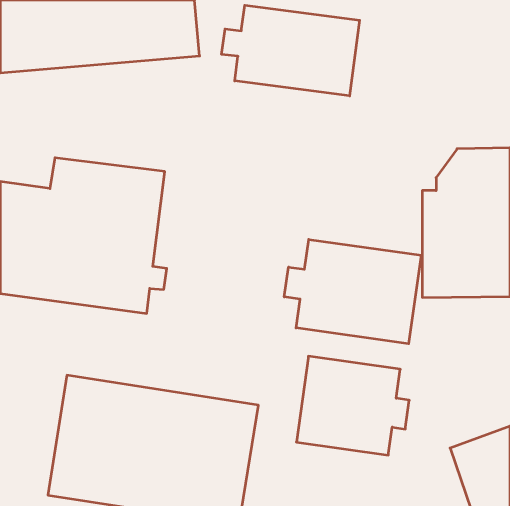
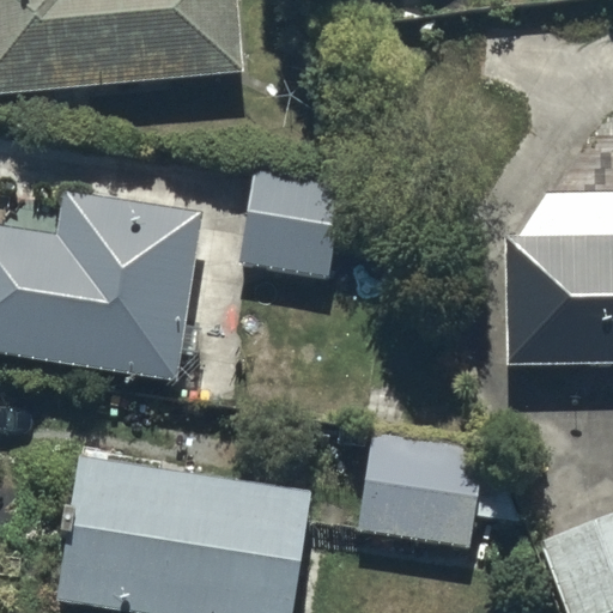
building: [222,5,360,96] -> none
building: none -> [239,162,388,278]
building: [284,239,421,344] -> none

